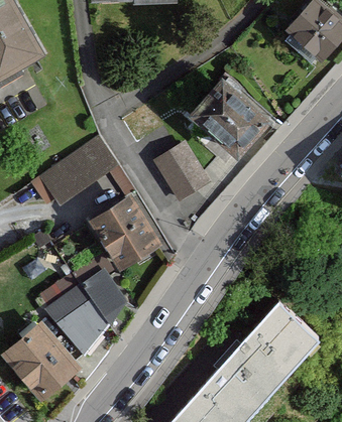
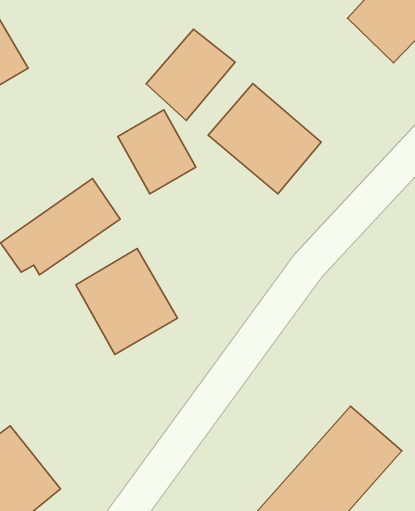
building: none -> [146,29,235,121]
building: [150,140,207,200] -> [118,110,196,194]
building: [47,261,132,344] -> none

